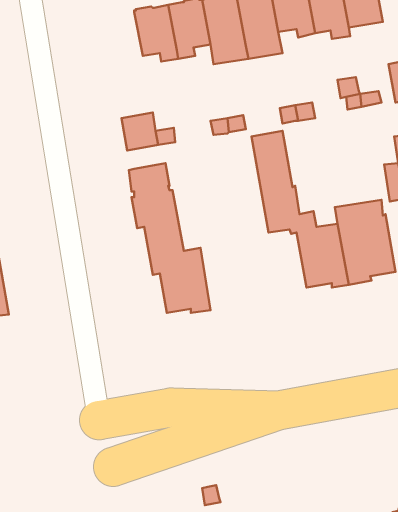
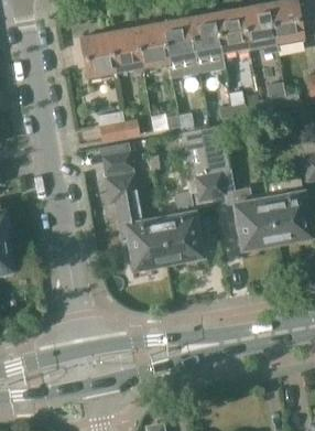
building: none -> [80,33,115,80]
building: none -> [160,130,213,267]

